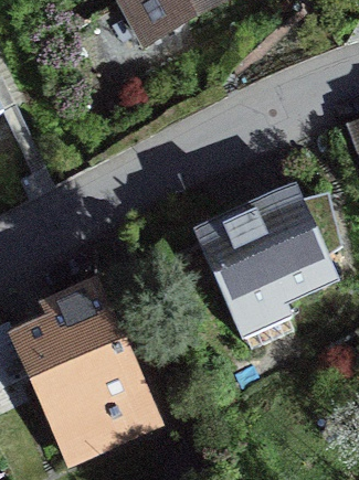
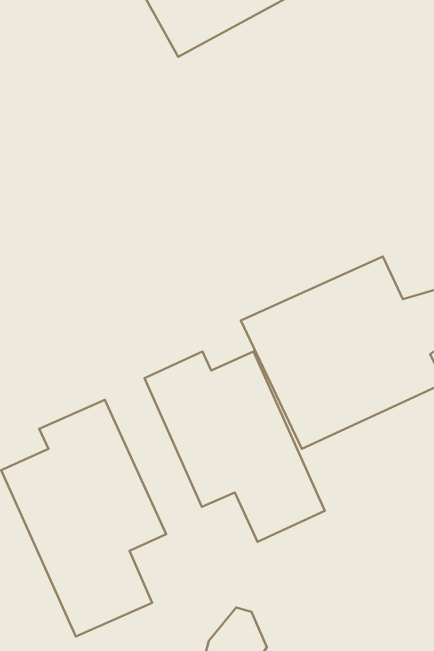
building: none -> [144,351,325,542]

